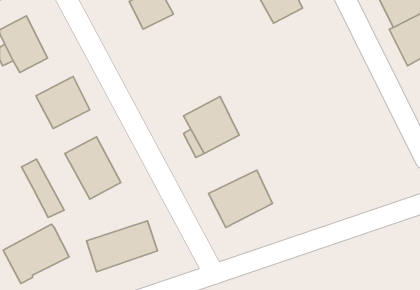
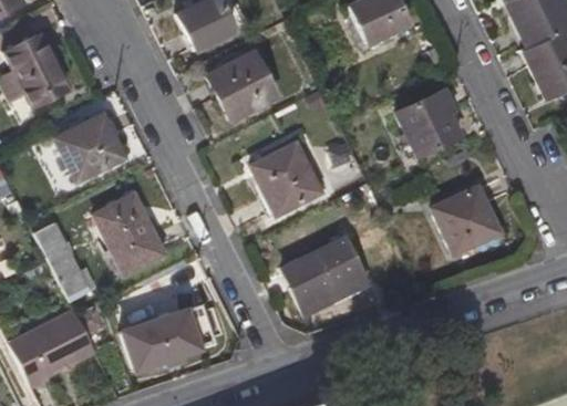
building: none -> [206,50,278,119]
building: none -> [394,86,462,157]
building: none -> [432,184,513,254]

